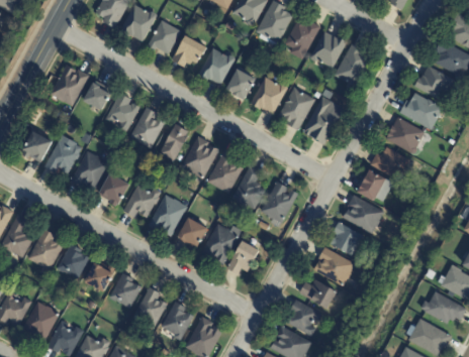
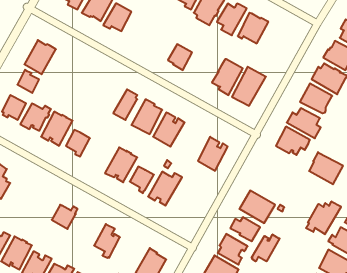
building: [174,36,206,67] -> none
building: [334,43,372,87] -> none
building: [197,47,233,84] -> none
building: [250,77,287,114] -> none
building: [83,82,109,110] -> [17,70,39,93]
building: [105,93,139,132] -> none
building: [129,107,164,148] -> none
building: [231,165,264,210] -> none
building: [122,186,160,218] -> none
building: [342,195,383,234] -> [309,152,343,184]
building: [329,222,363,255] -> none
building: [26,229,65,271] -> none
building: [228,241,260,274] -> none
building: [56,243,89,279] -> none
building: none -> [306,201,341,234]
building: [108,273,140,309] -> none
building: none -> [252,234,280,261]
building: [161,303,193,341] -> none

